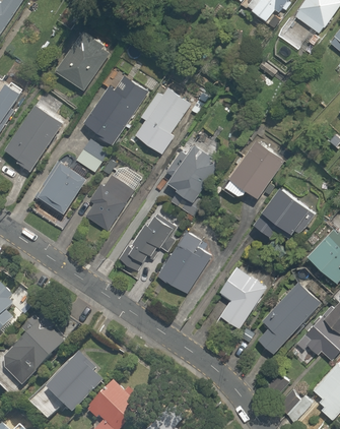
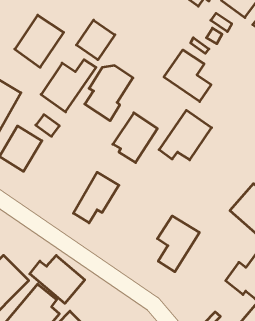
building: none -> [76,20,115,60]
building: none -> [164,50,211,102]
building: [84,160,145,230] -> none
building: [251,186,316,237] -> none
building: [157,229,209,294] -> none
building: [261,278,321,355] -> none
building: none -> [30,255,85,303]

